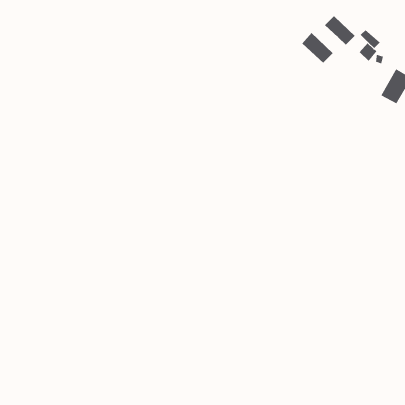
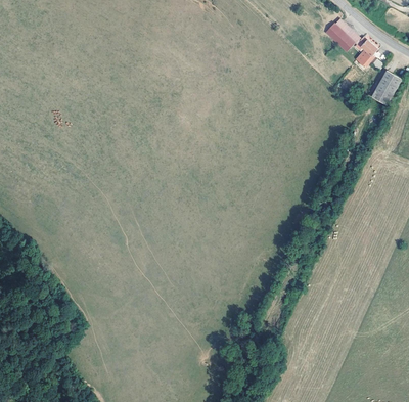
building: [301,32,334,64] -> none

